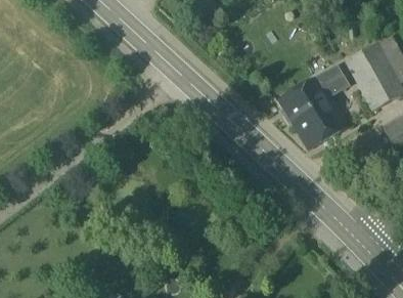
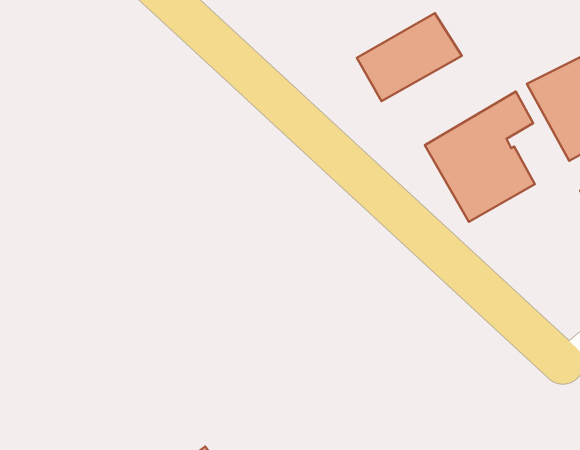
building: none -> [357,13,462,101]

